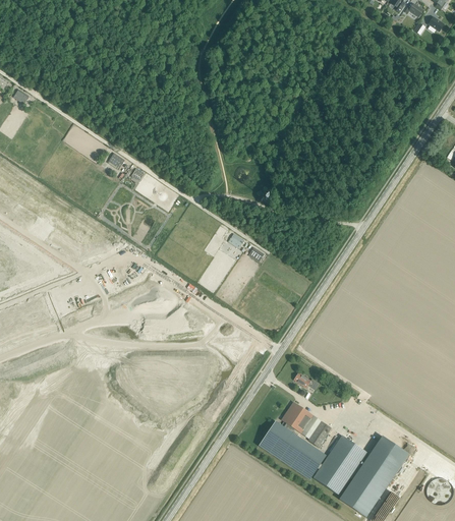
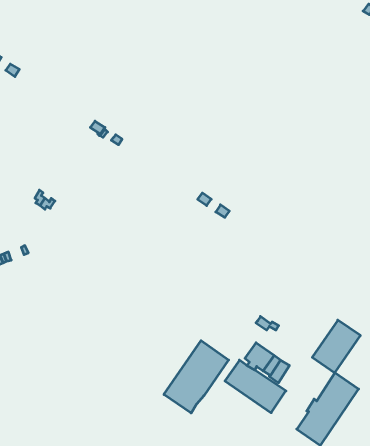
building: none -> [164,341,229,413]
building: [314,436,367,495] -> [312,320,360,373]

